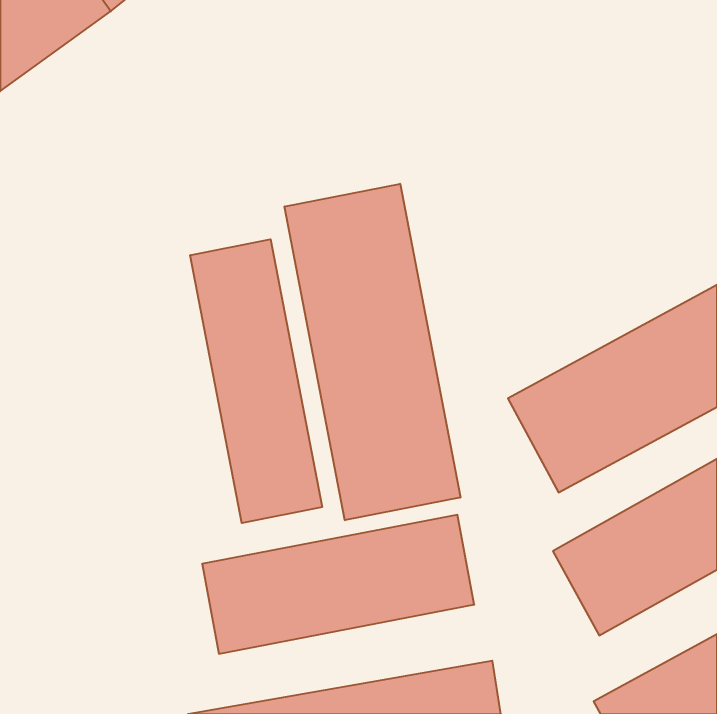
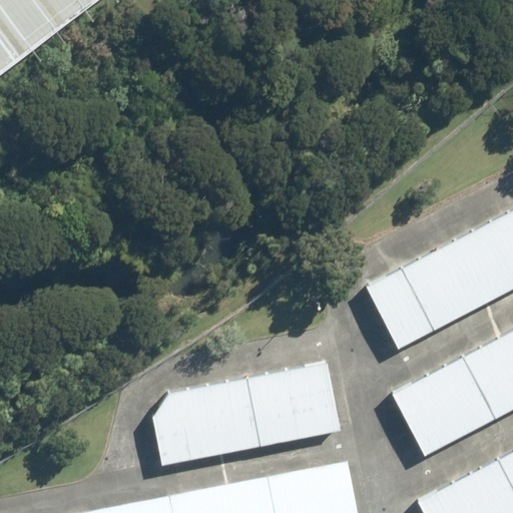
building: [285,184,460,520] -> none
building: [190,239,322,523] -> none

